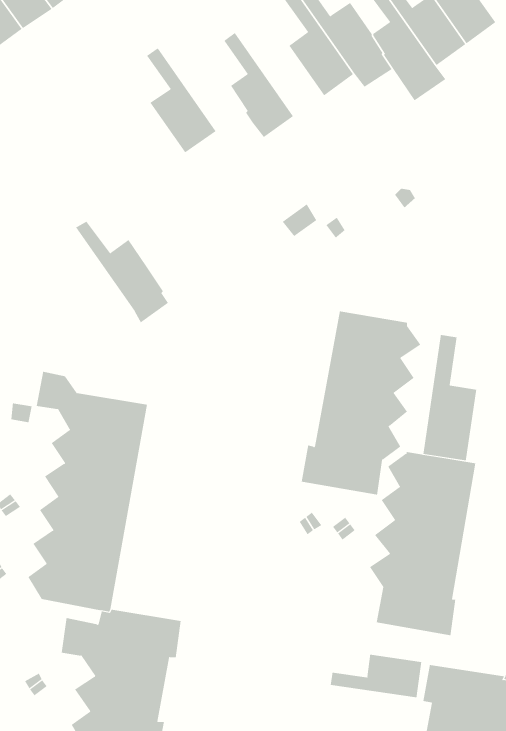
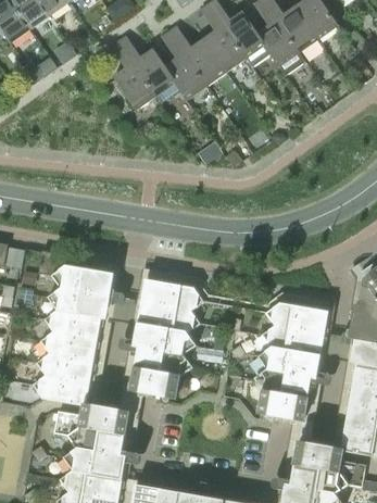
building: none -> [166,24,224,84]
building: [75,221,169,323] -> [116,35,177,101]
building: [301,311,421,495] -> [126,278,204,398]
building: [423,334,477,461] -> none
building: [330,654,422,698] -> none

